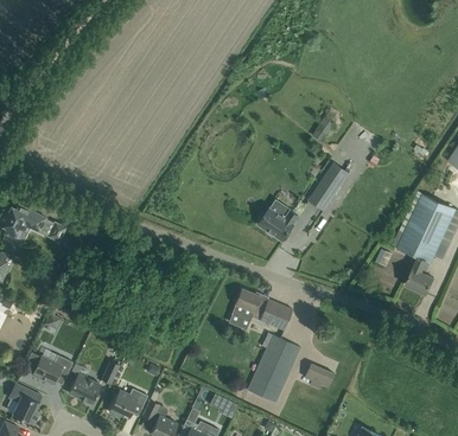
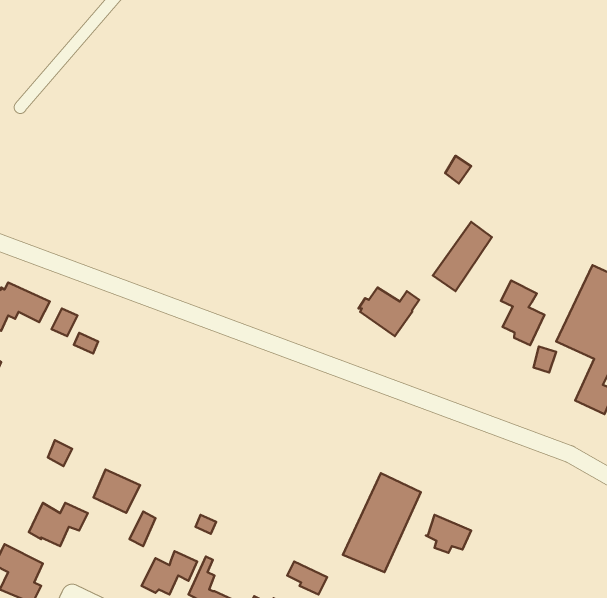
building: none -> [501,281,545,345]
building: [231,288,292,329] -> none
building: [69,373,101,403] -> [93,470,140,513]

